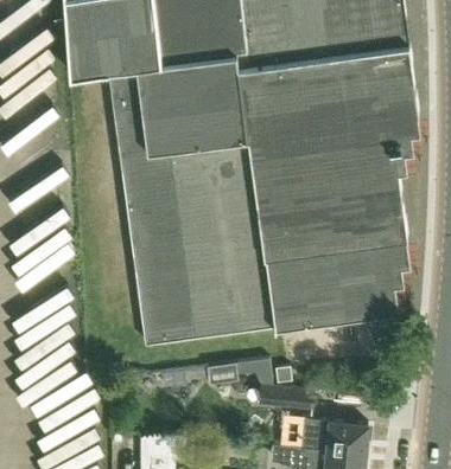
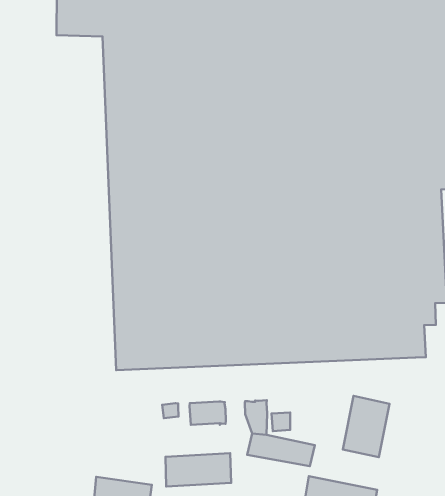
building: none -> [343,396,389,457]
building: none -> [165,453,231,486]

